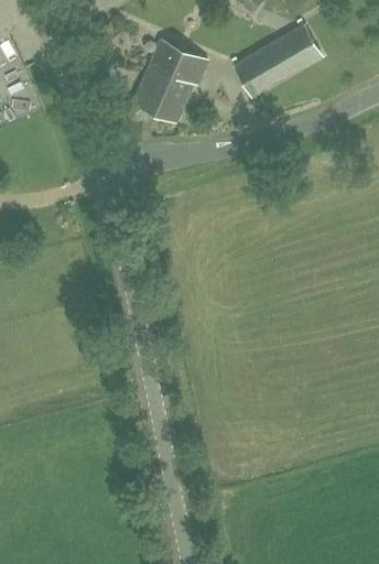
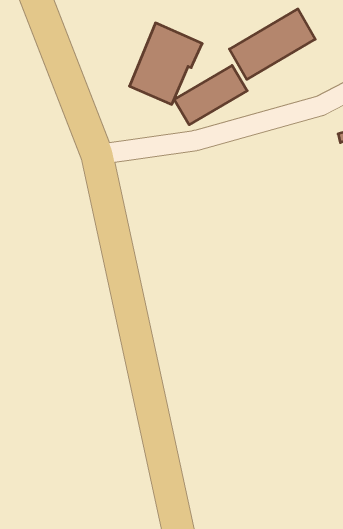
building: none -> [174,65,247,125]

